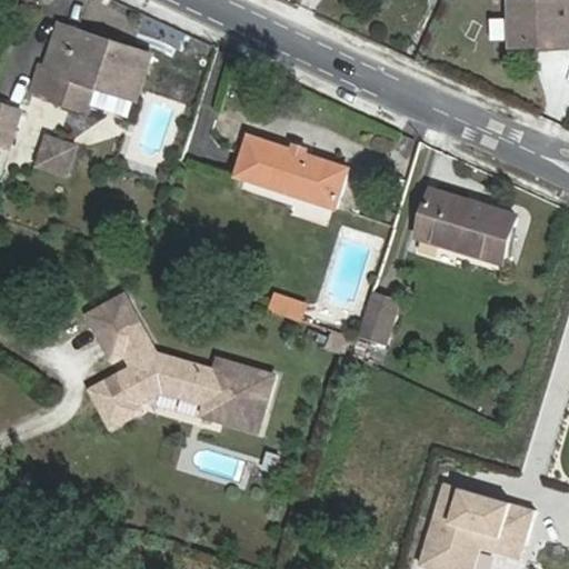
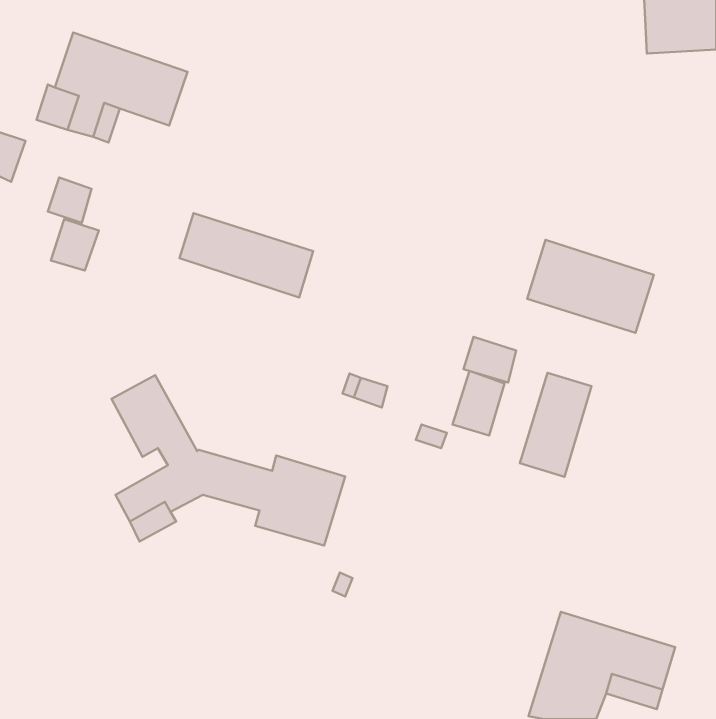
building: [238,140,343,207] -> [179,213,313,298]
building: none -> [51,219,99,271]
building: none -> [464,337,516,382]
building: none -> [520,373,591,477]

